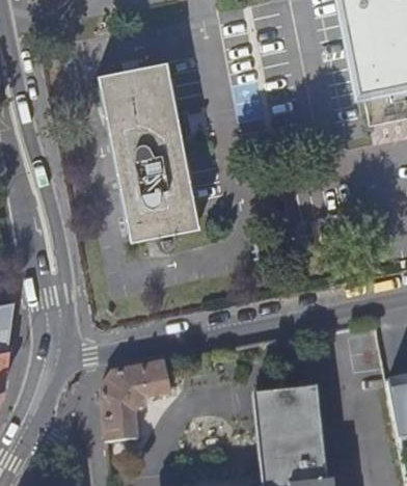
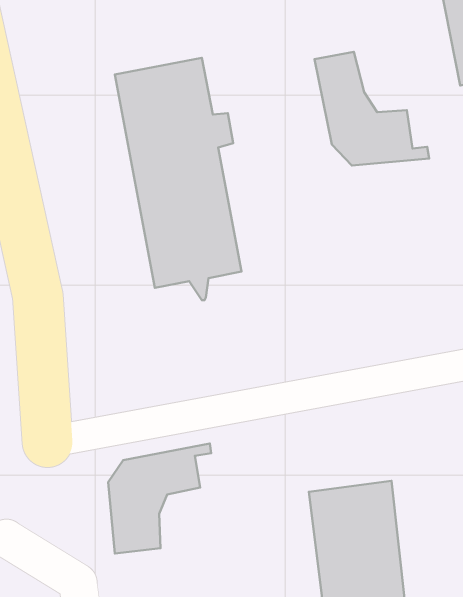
building: none -> [314,52,429,166]

